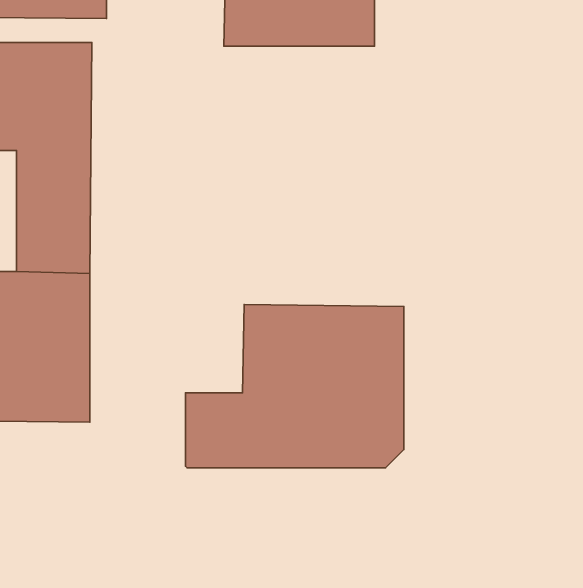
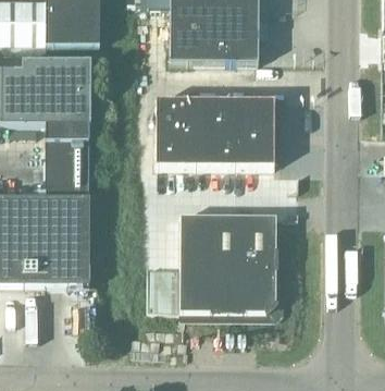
building: none -> [156,97,274,164]

